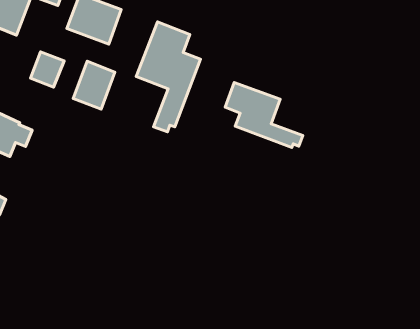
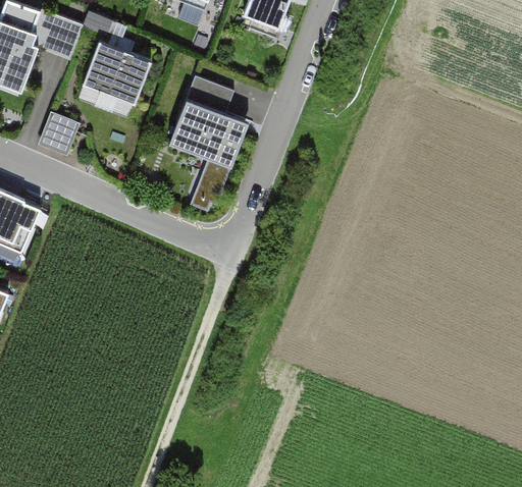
building: [73,61,115,109] -> none
building: [225,83,303,148] -> none

